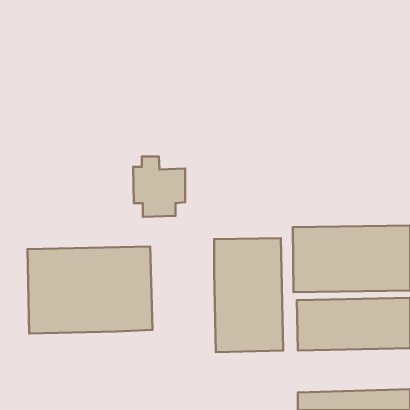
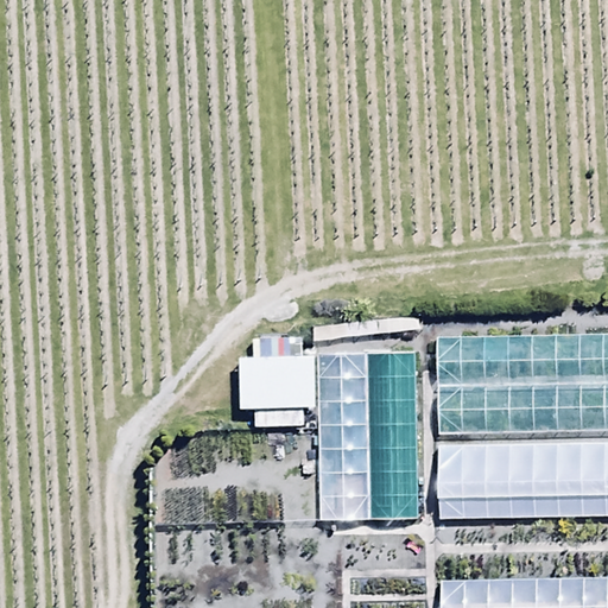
building: [133,157,185,217] -> [240,336,317,425]
building: [28,247,153,334] -> none

